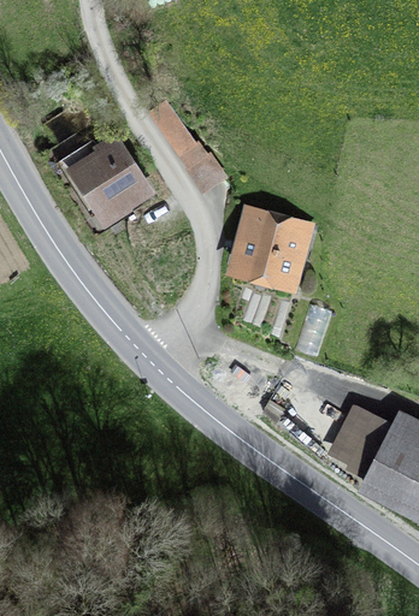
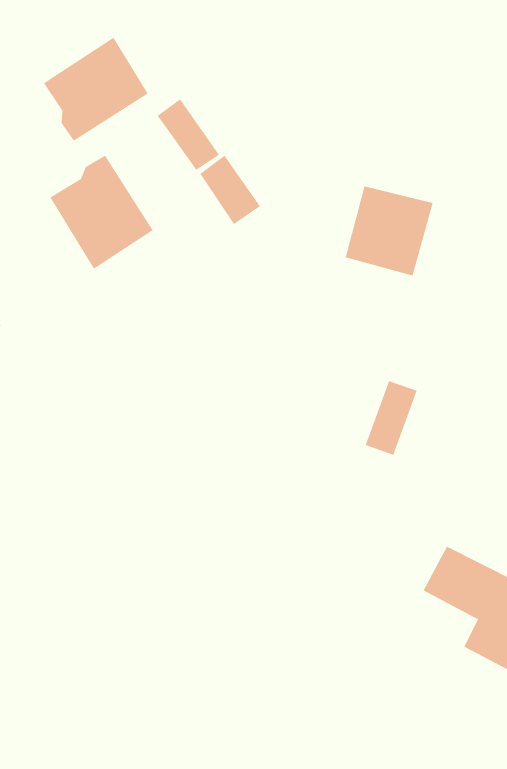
building: none -> [43,37,149,142]
building: [232,208,295,272] -> [345,186,434,276]

